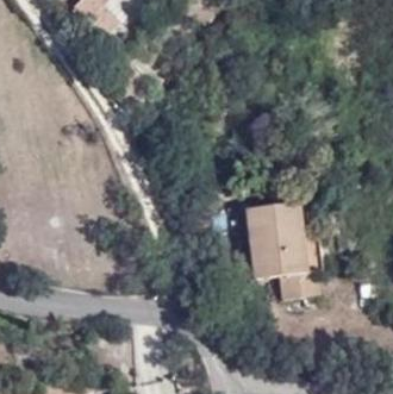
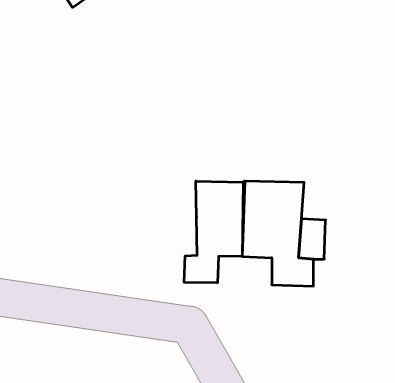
building: none -> [184,181,243,283]

